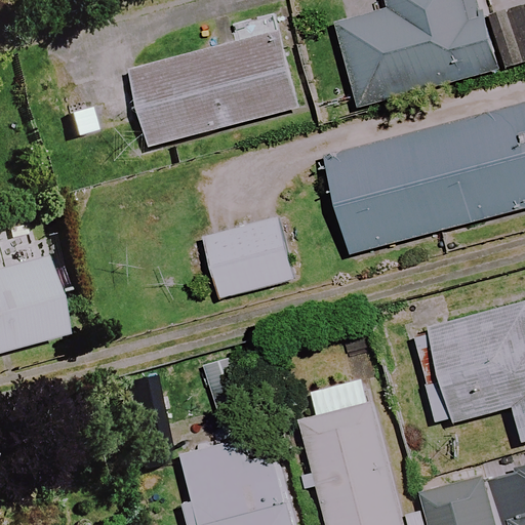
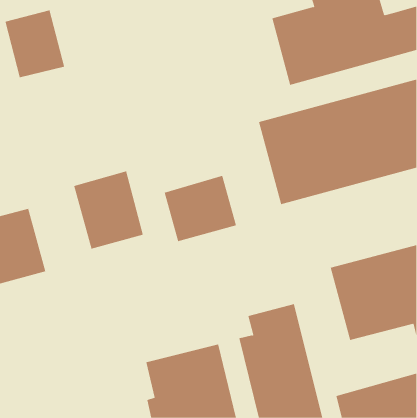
building: none -> [5,9,65,78]
building: [90,15,299,149] -> none
building: none -> [73,171,144,249]

